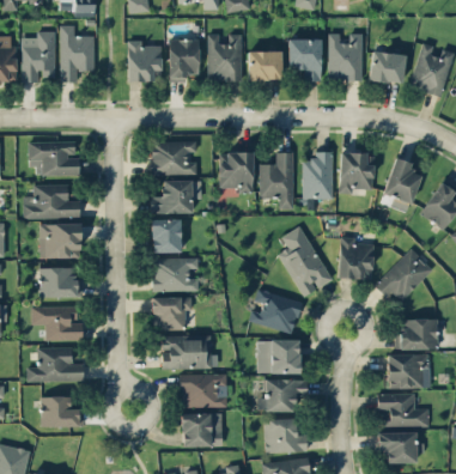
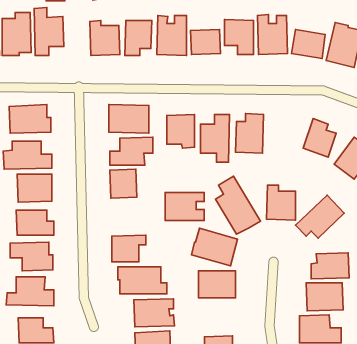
building: [339,152,375,193] -> none
building: [152,257,199,291] -> [165,193,204,220]
building: [259,378,309,412] -> none

